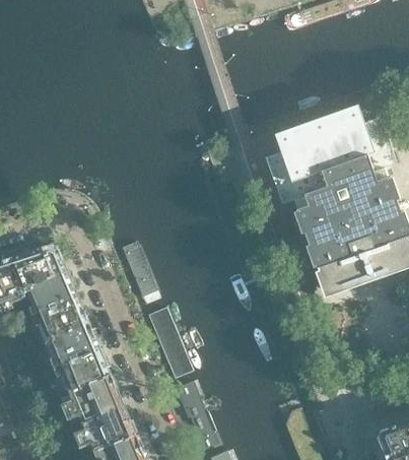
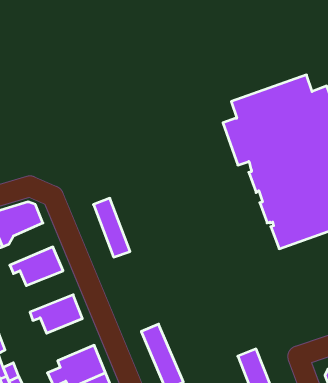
building: [26,270,78,317] -> none
building: [149,309,192,381] -> none
building: [49,323,100,369] -> none
building: [60,376,124,422] -> none

